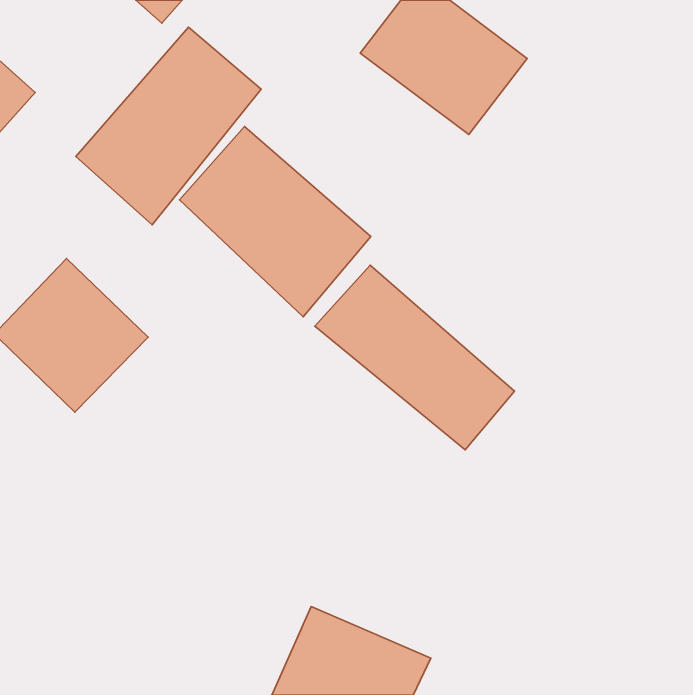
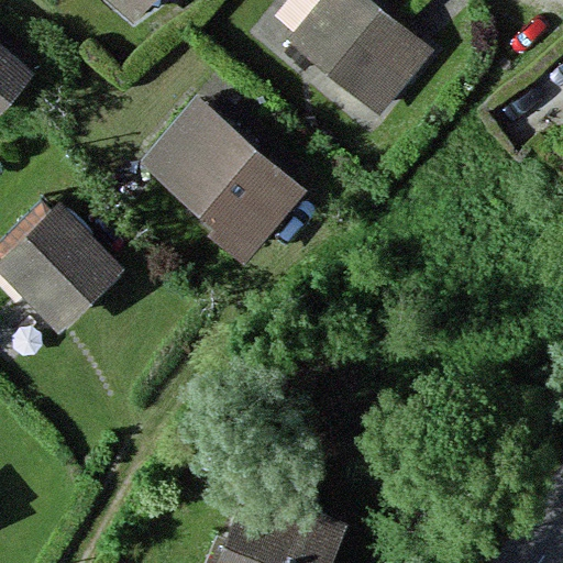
building: [76,27,261,225] -> none
building: [315,265,515,450] -> none

